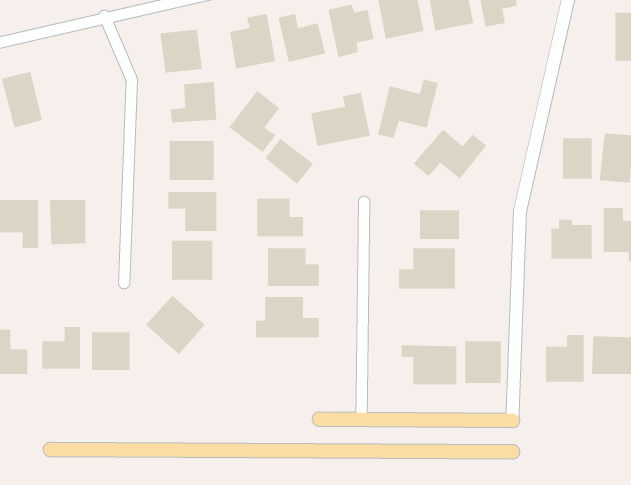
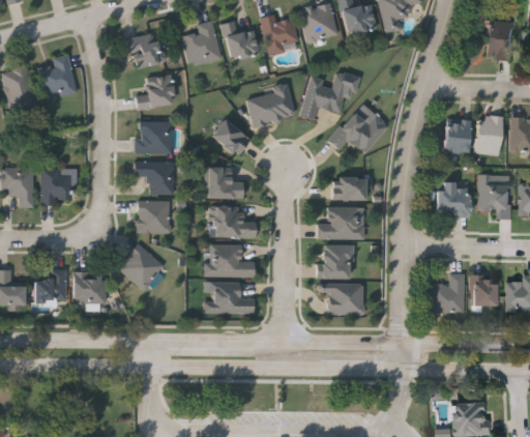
building: none -> [39,54,77,97]
building: [228,90,281,153] -> none
building: [465,341,501,384] -> [322,245,351,280]
building: none -> [204,282,254,314]

